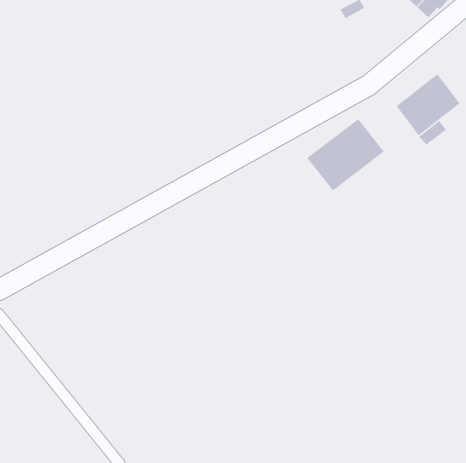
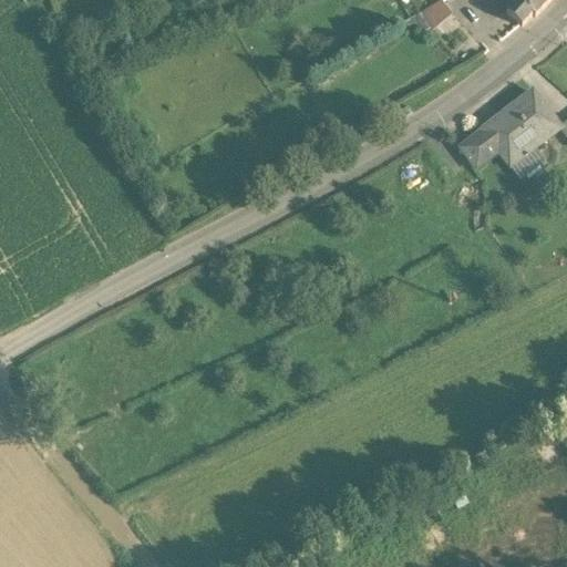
building: none -> [458,130,494,164]
building: [306,118,385,191] -> none

